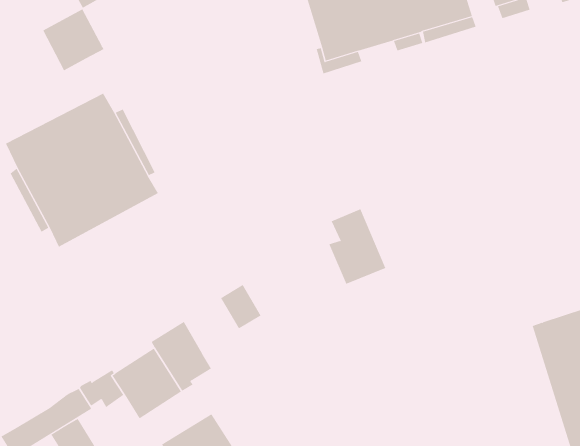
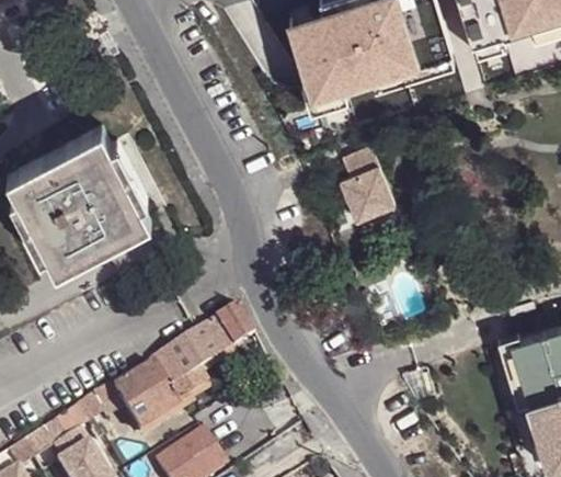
building: [42,9,104,71] -> none
building: [328,208,386,284] -> [339,150,393,223]
building: none -> [178,318,229,371]

